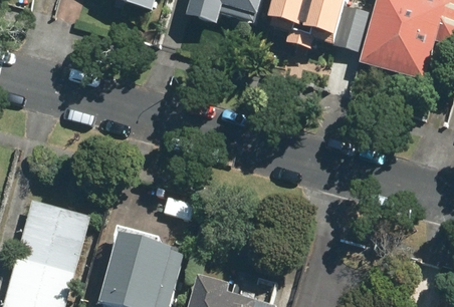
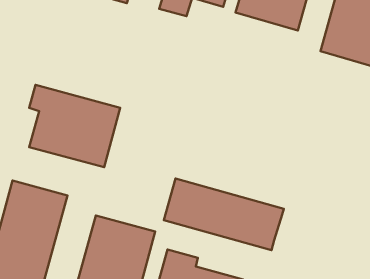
building: none -> [29,85,120,167]
building: none -> [164,179,284,250]

